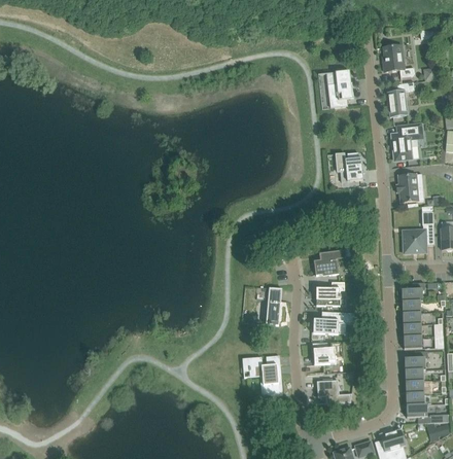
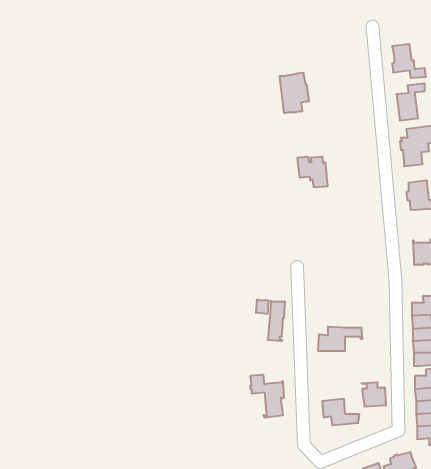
building: [325,70,353,108] -> [280,73,309,113]
building: [334,152,362,181] -> [297,157,328,187]
building: [313,248,350,275] -> none
building: [315,282,344,306] -> none
building: [311,343,335,365] -> [361,382,386,406]

